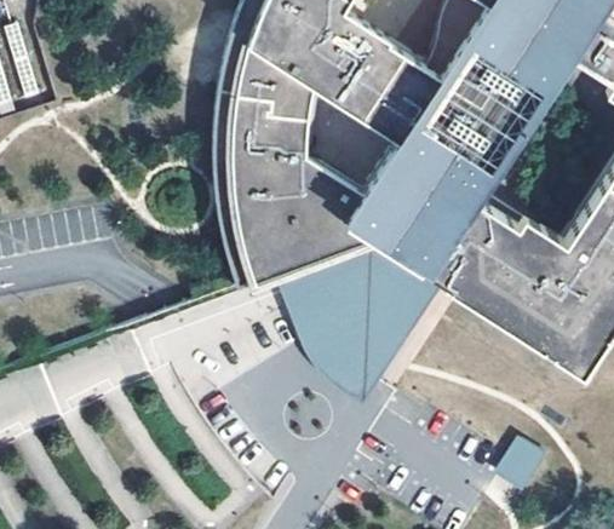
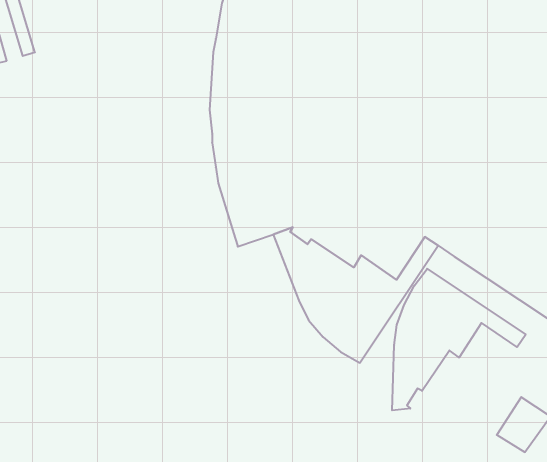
building: none -> [392,269,526,410]

